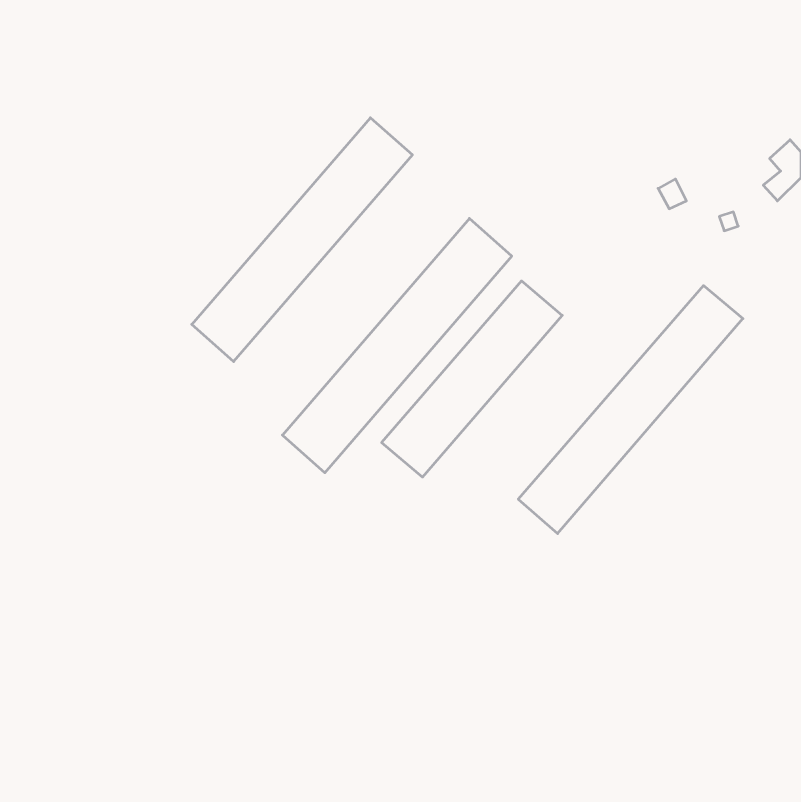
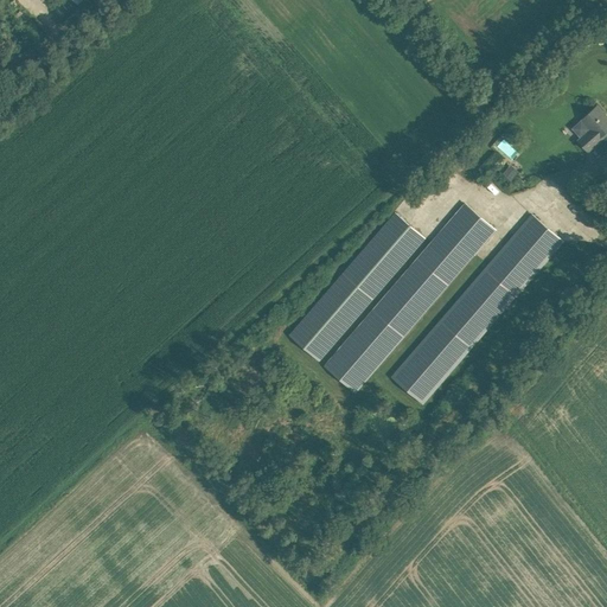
building: [192,118,412,362] -> none
building: [282,218,512,473] -> [322,202,496,394]

